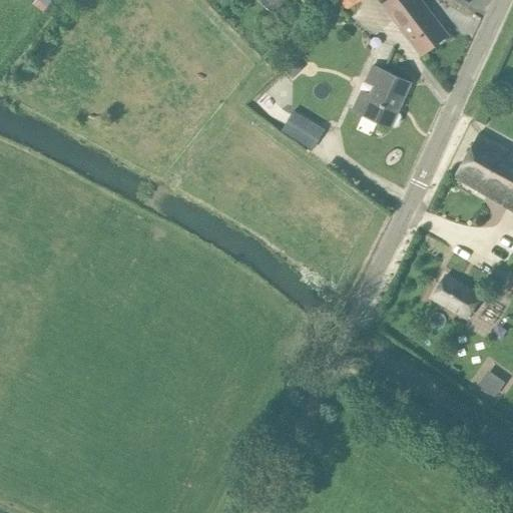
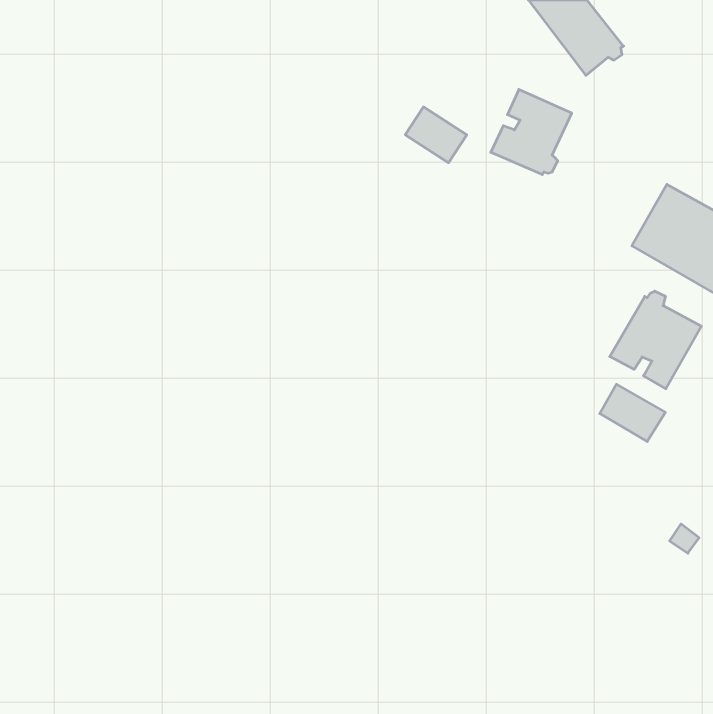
building: [282,110,326,150] -> [405,107,467,163]
building: none -> [610,291,701,389]

